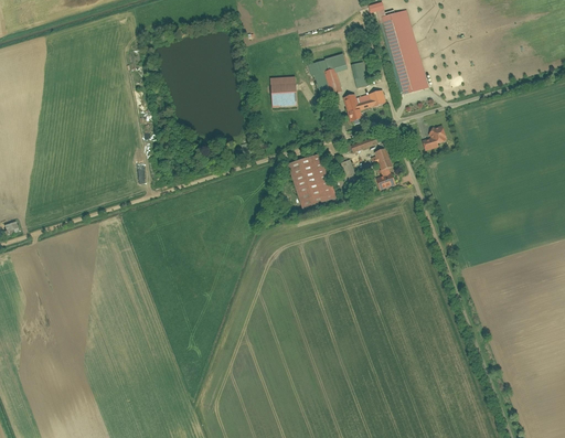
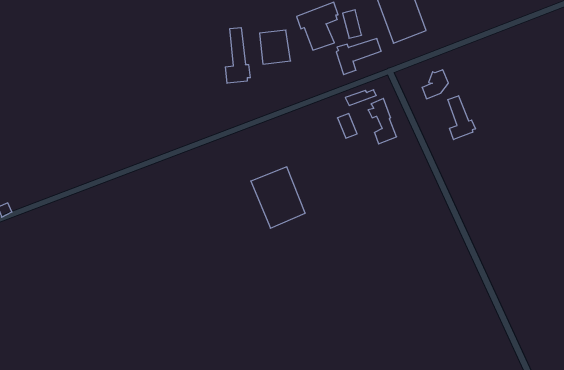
building: none -> [225,28,250,83]
building: none -> [448,96,475,140]
building: [288,151,338,209] -> [251,167,305,228]

